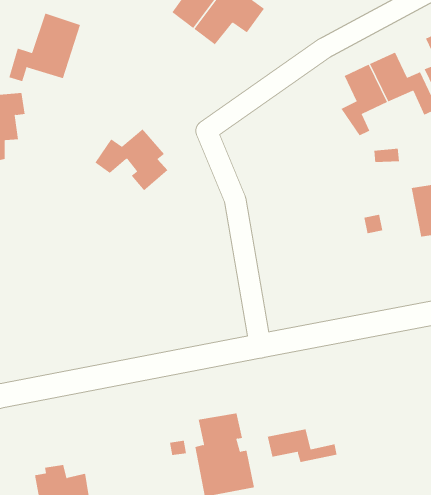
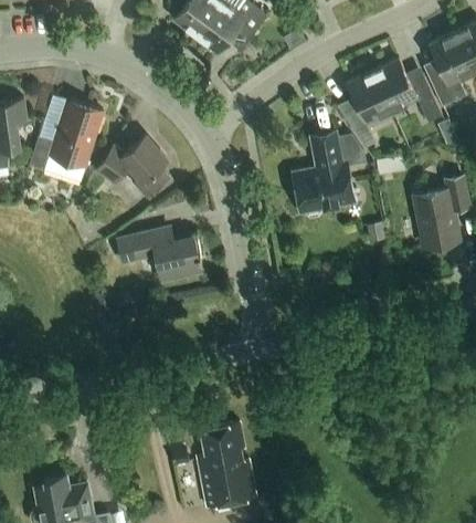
building: [8,13,81,82] -> [30,100,103,169]
building: none -> [295,134,364,211]
building: none -> [117,229,201,280]
building: [267,429,337,463] -> none

